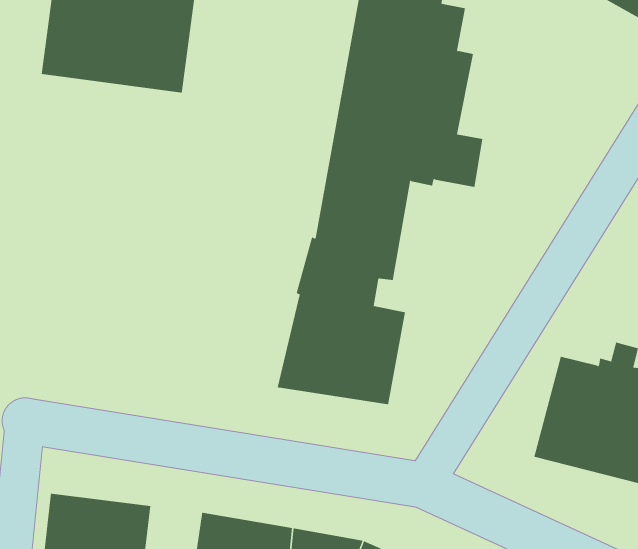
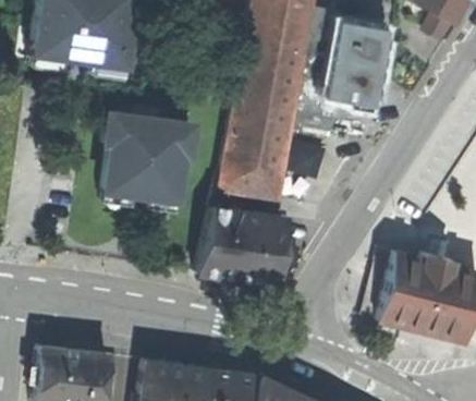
building: none -> [322,14,388,108]
building: none -> [105,111,199,205]

